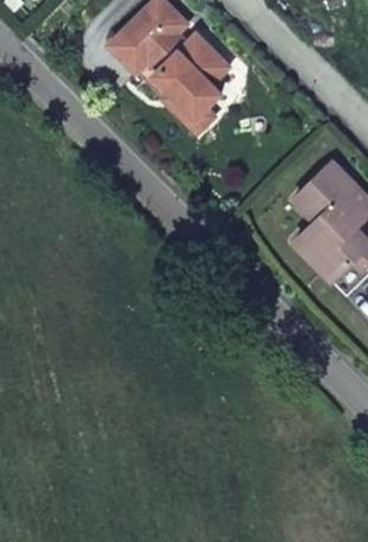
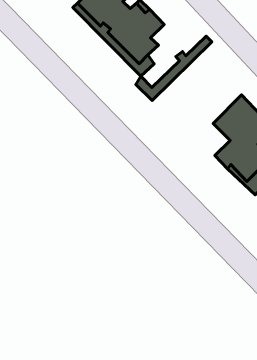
building: none -> [136,36,212,101]

